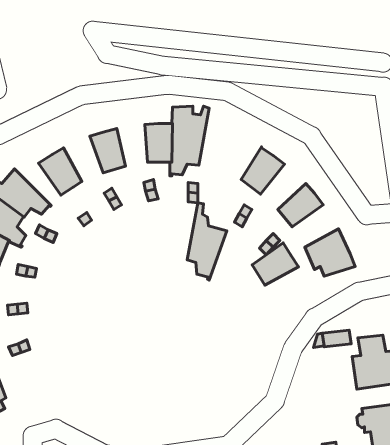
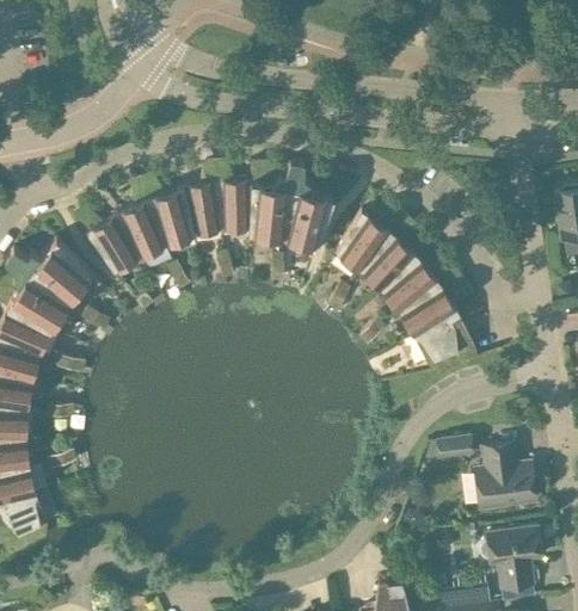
building: none -> [184,186,222,237]
building: none -> [118,200,167,257]
building: none -> [362,235,418,291]
building: [187,203,227,280] -> [285,166,334,261]
building: [252,243,299,285] -> [401,285,459,338]

